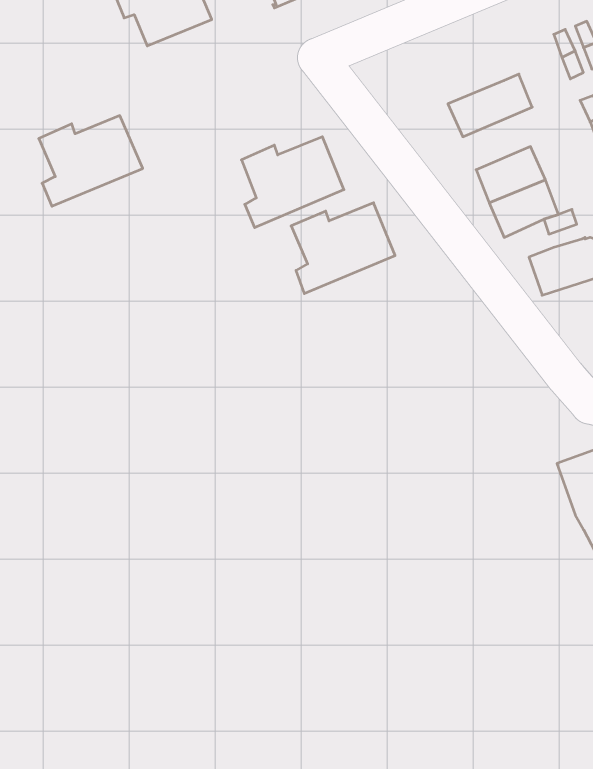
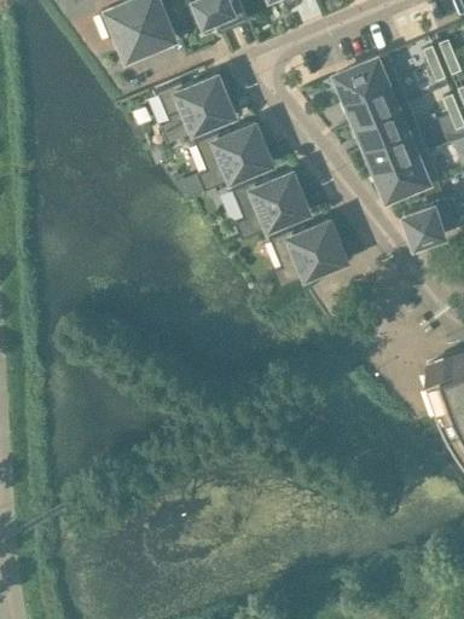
building: none -> [336,58,387,100]
building: none -> [356,103,417,149]
building: [39,116,143,206] -> [157,76,233,143]
building: none -> [268,220,344,288]

